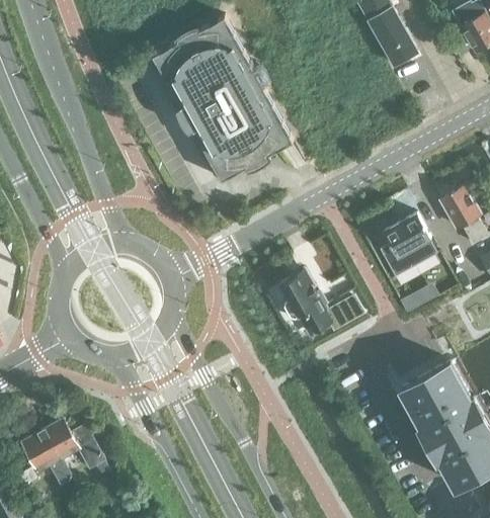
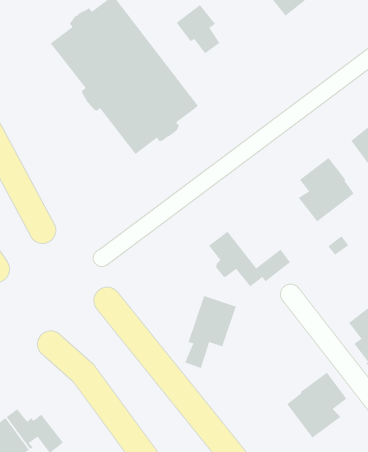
building: none -> [176,4,220,54]
building: none -> [185,295,237,369]
building: none -> [287,372,347,439]

